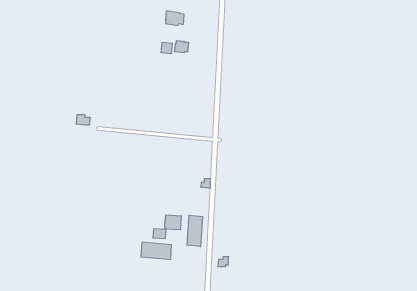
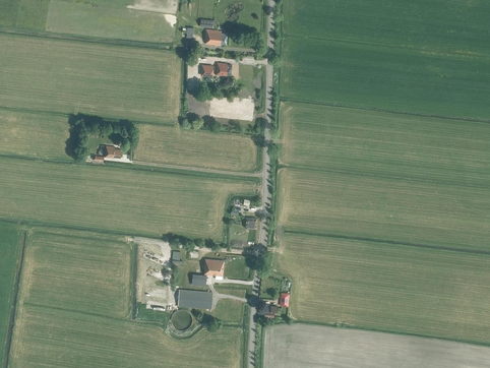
building: [187,215,202,247] -> none

